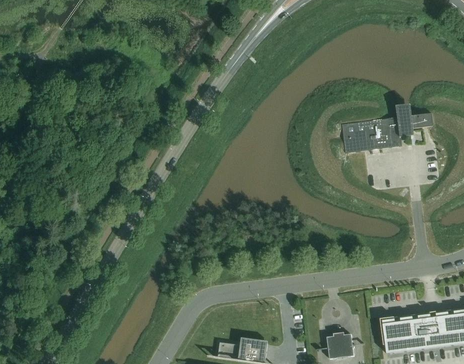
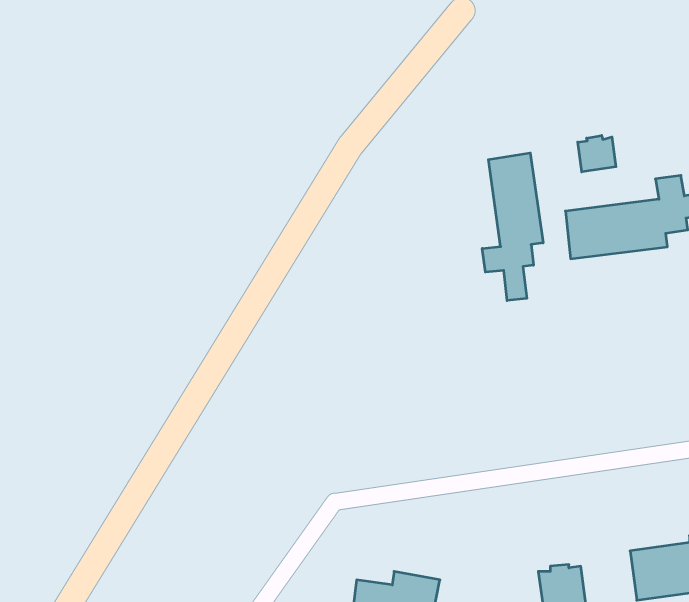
building: none -> [578,135,616,172]
building: none -> [482,153,543,301]

